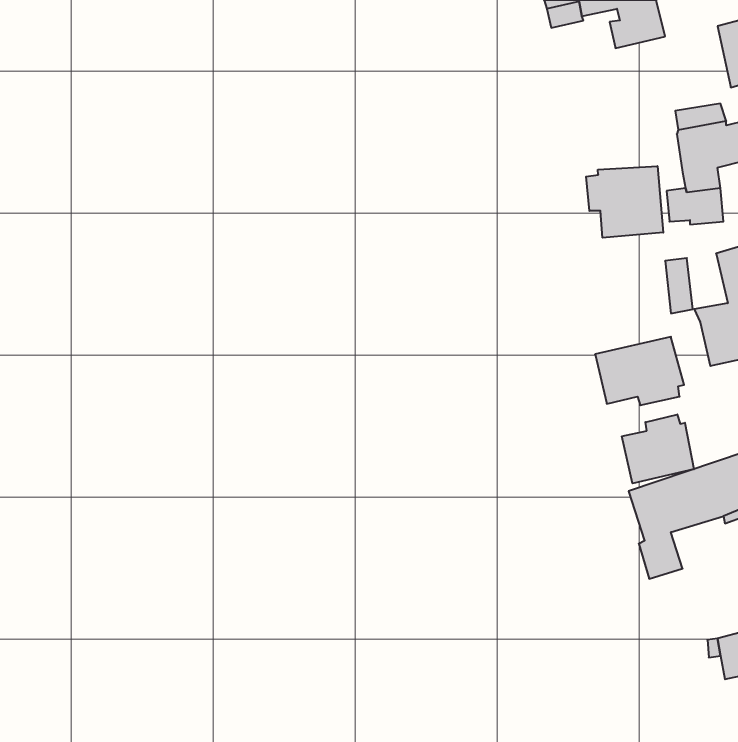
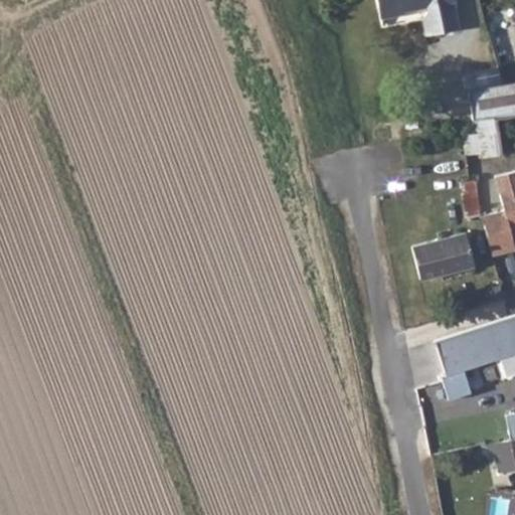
building: [586,166,663,238] -> none
building: [622,414,694,483] -> none

